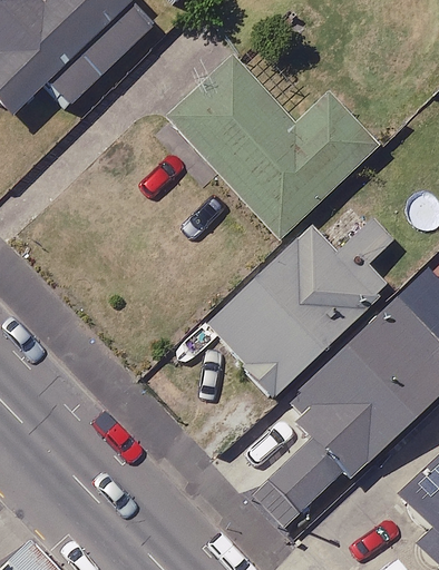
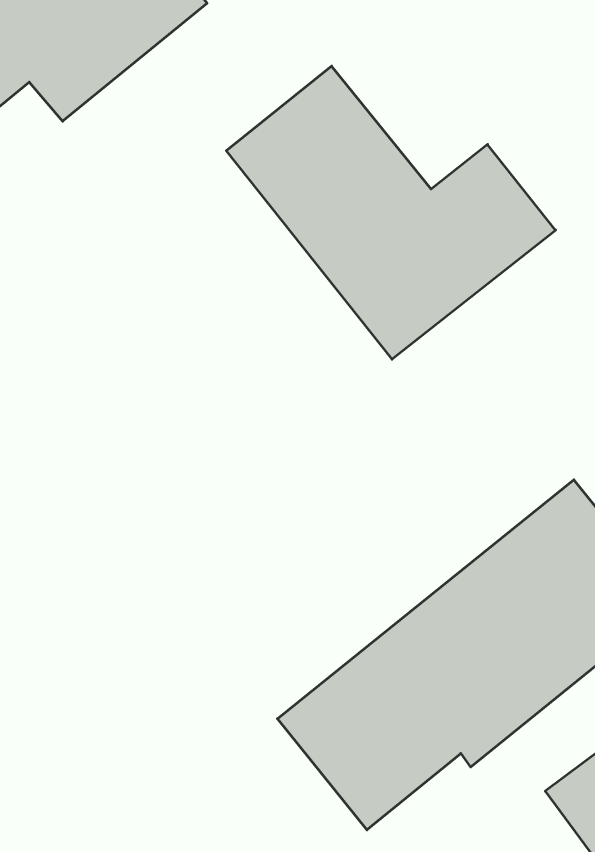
building: [211,232,375,393] -> none

